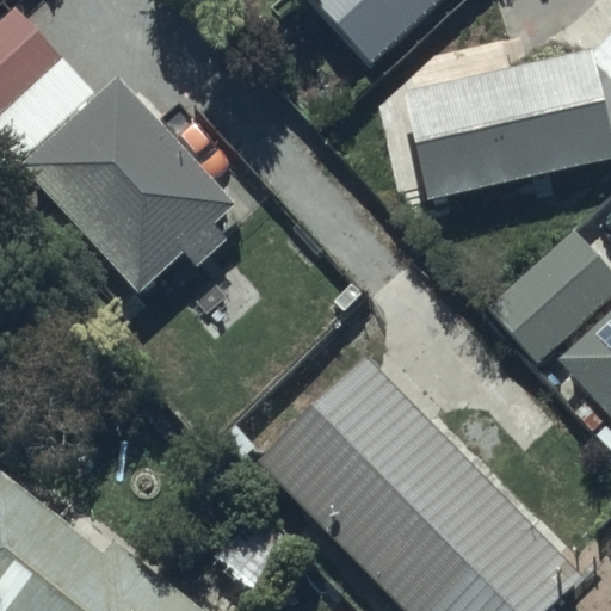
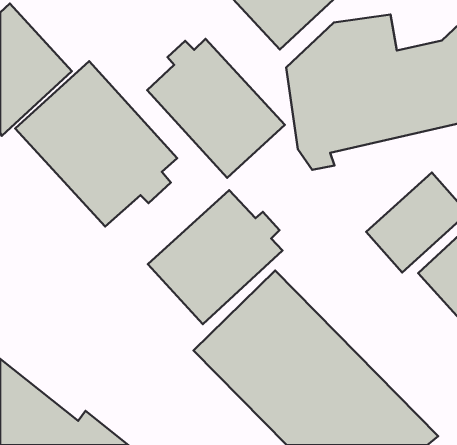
building: none -> [147,39,285,178]
building: none -> [148,190,283,324]

